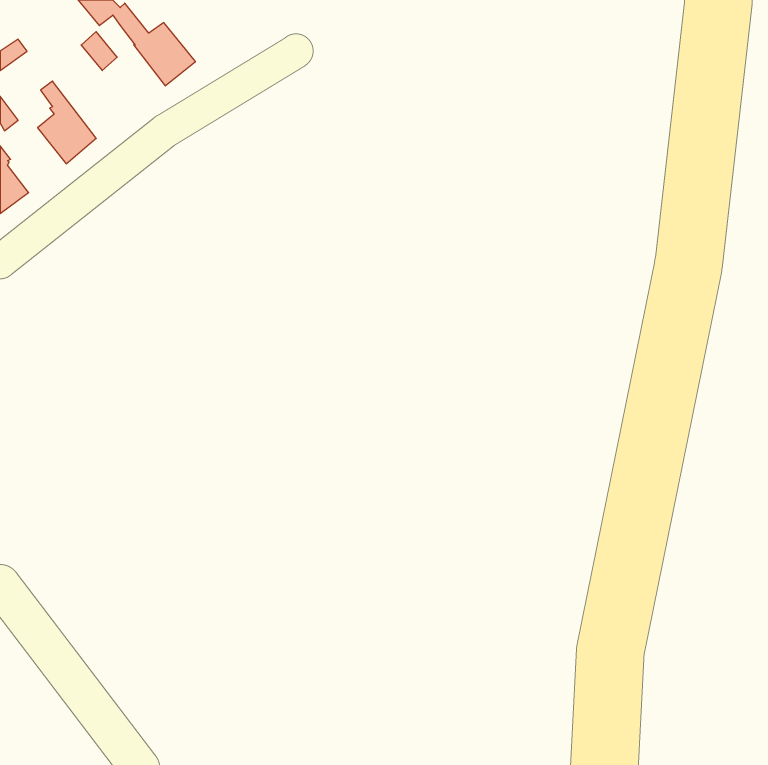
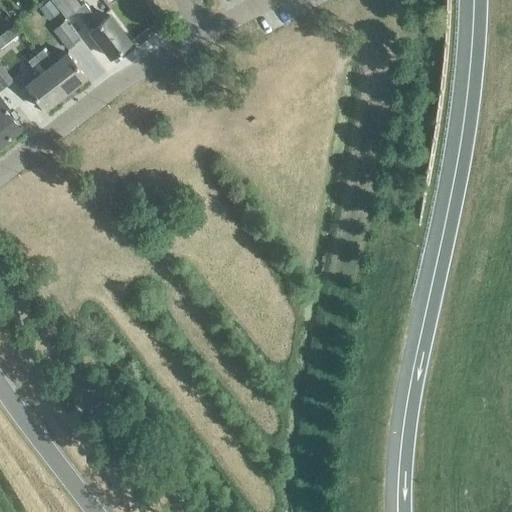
building: none -> [35,50,85,94]

